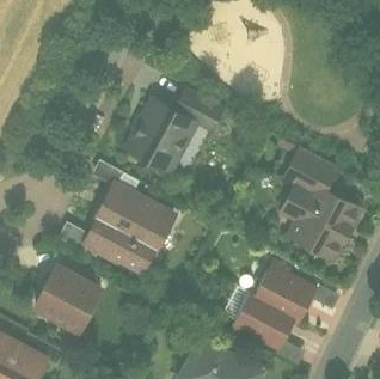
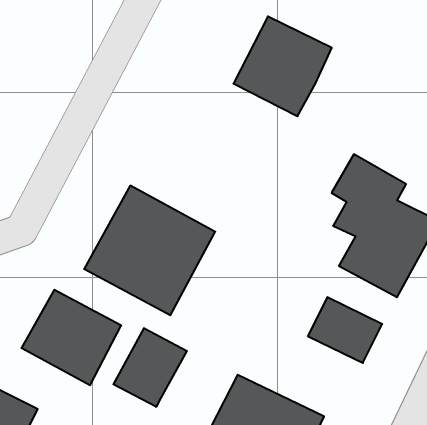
building: [122,94,201,175] -> [233,16,332,116]
building: none -> [113,328,187,407]
building: [233,293,295,350] -> none

